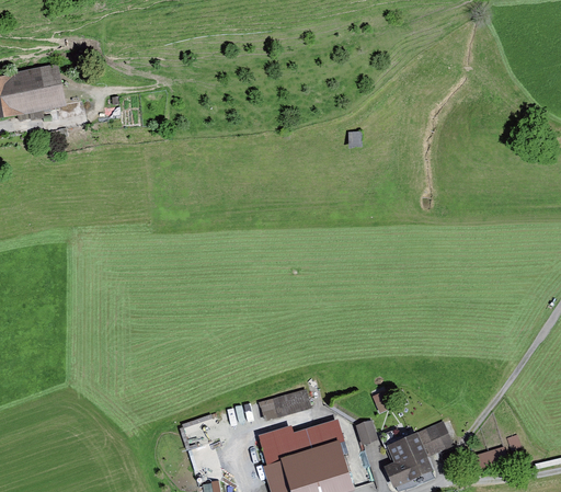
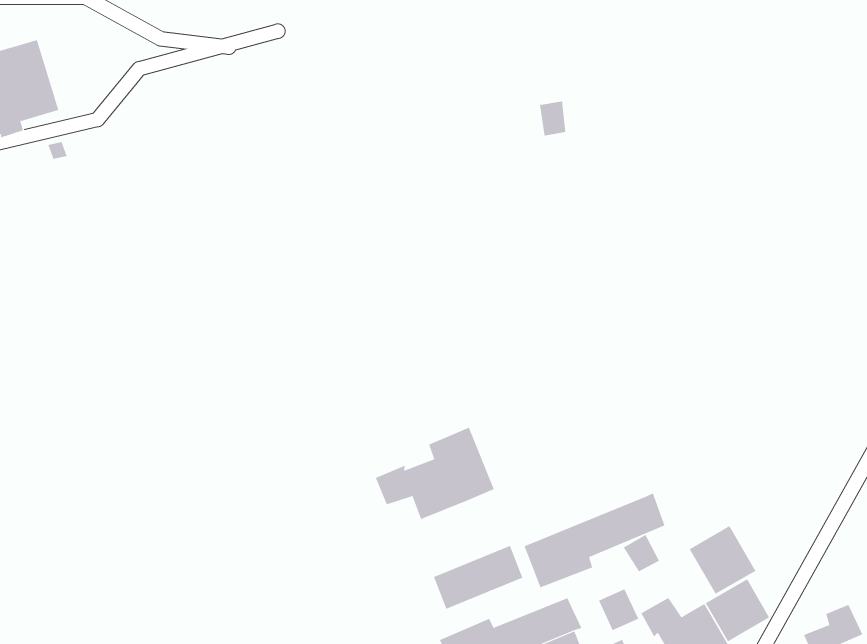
building: none -> [375,427,494,520]
building: none -> [524,493,665,588]
building: none -> [689,525,756,595]

